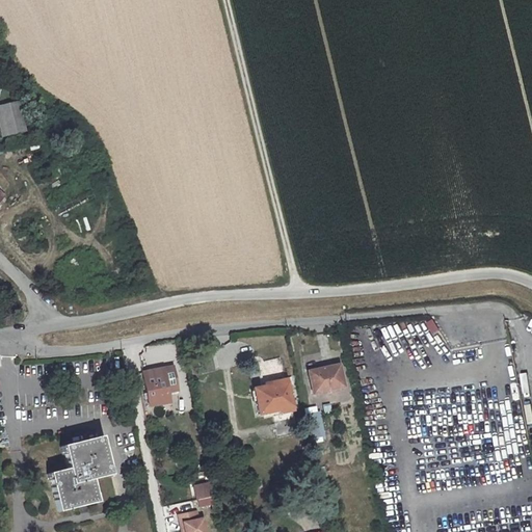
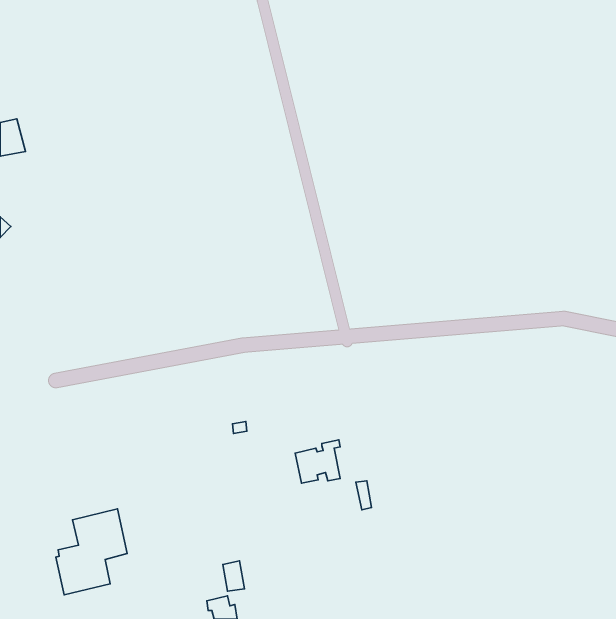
building: [310,365,345,393] -> none
building: [144,367,179,406] -> none

